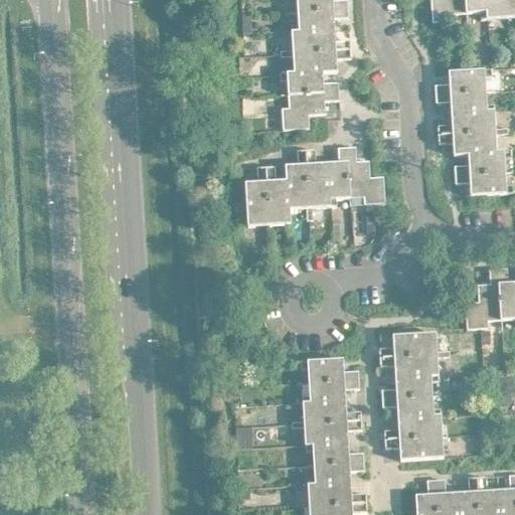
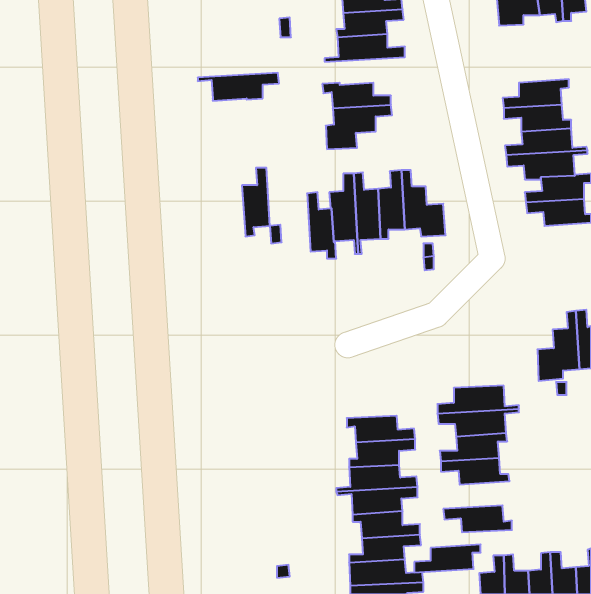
building: [281,49,351,73] -> [198,73,279,101]
building: [244,167,269,226] -> [242,168,270,236]
building: [383,415,441,440] -> [414,544,481,572]

